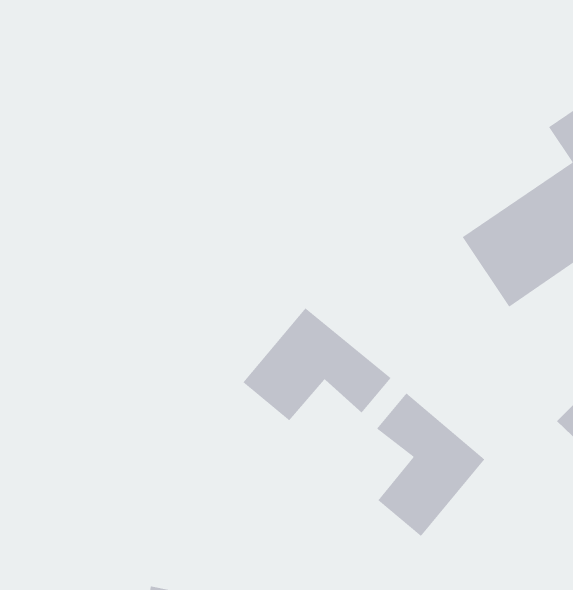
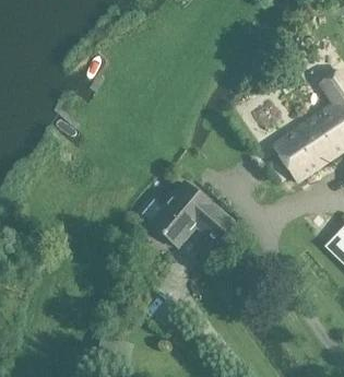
building: [376,392,485,537] -> none

